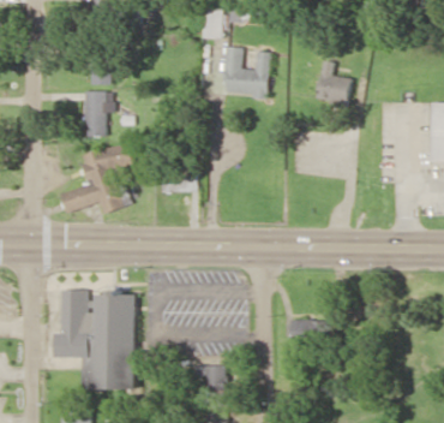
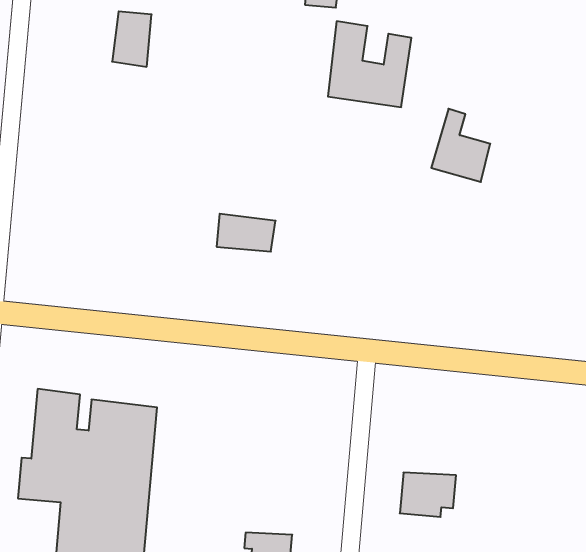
building: [317,60,352,103] -> [431,109,490,182]
building: [83,91,112,138] -> none
building: [59,143,131,213] -> none

